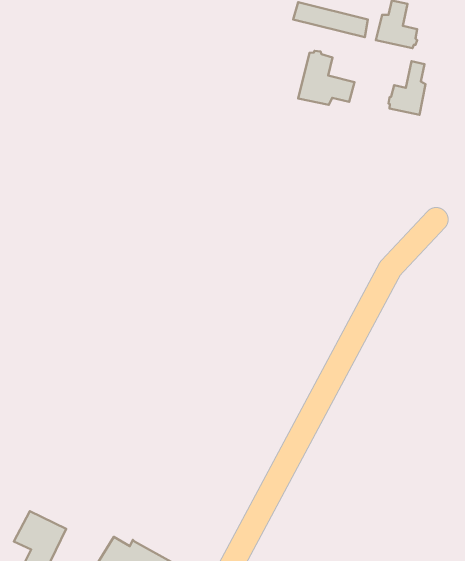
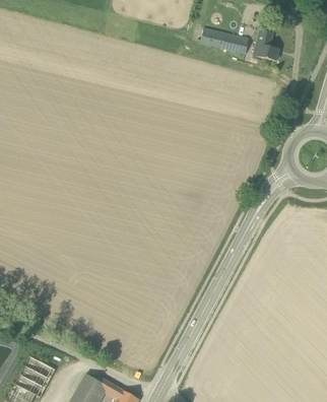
building: [298,51,354,105] -> none
building: [389,61,425,115] -> none

